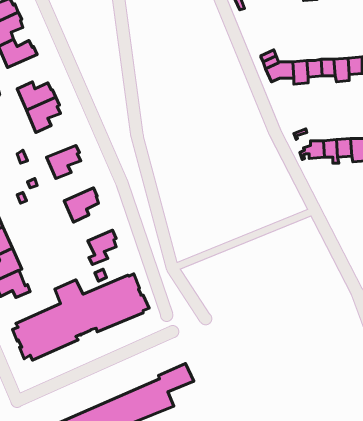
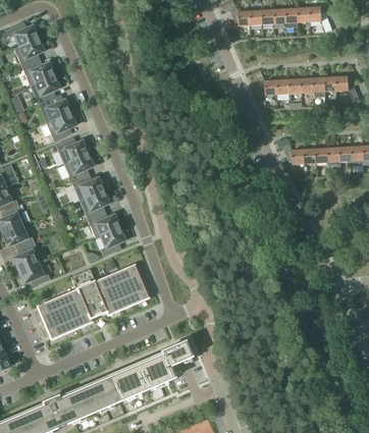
building: none -> [30,73,59,103]
building: none -> [55,138,89,162]
building: none -> [71,175,104,200]
building: none -> [87,212,120,236]

